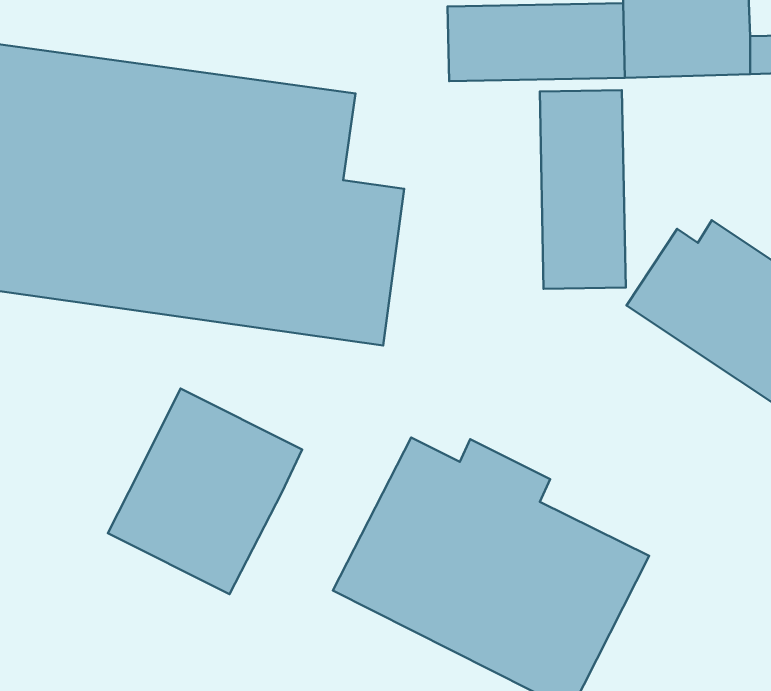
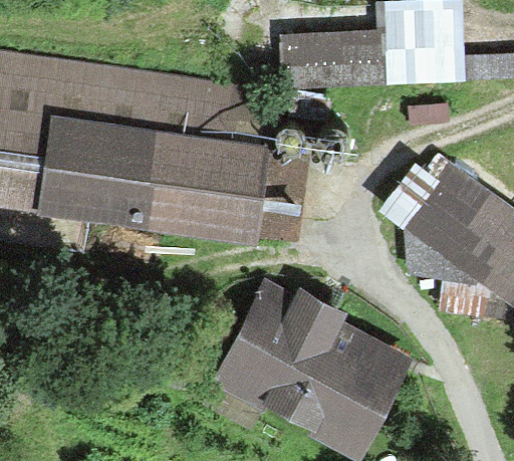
building: [540,90,626,289] -> none
building: [108,388,302,594] -> none

